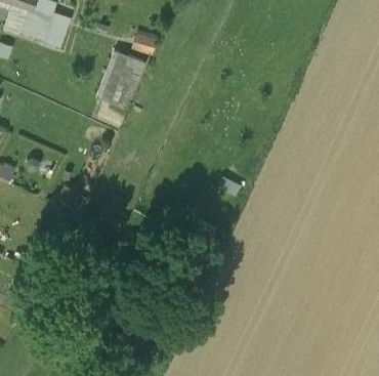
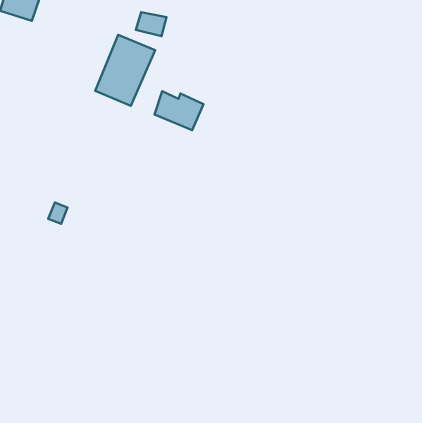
building: none -> [155,91,203,130]

